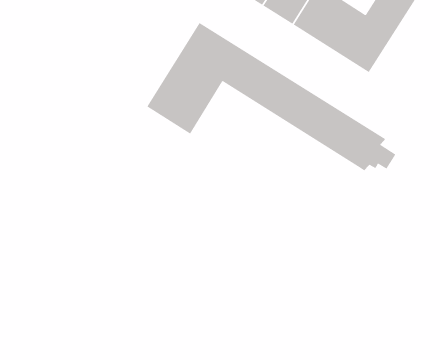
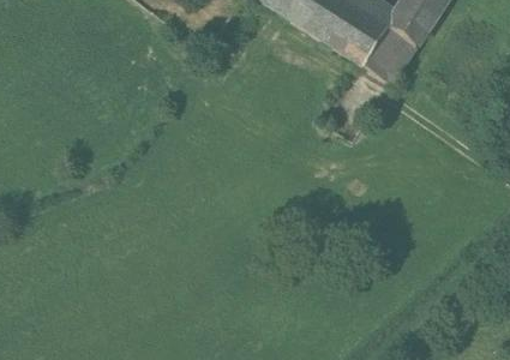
building: [146,22,396,171] -> none

